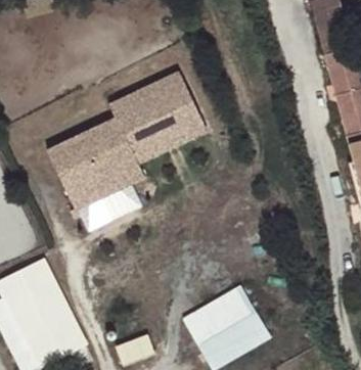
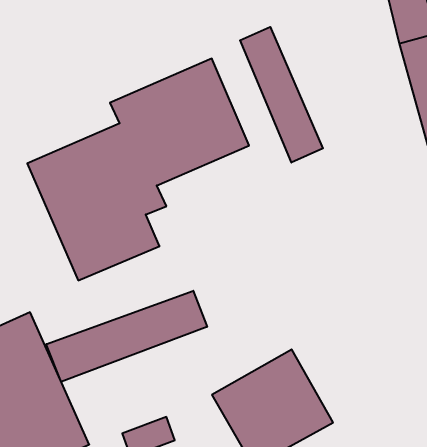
building: none -> [240,27,323,163]
building: none -> [46,291,207,382]

